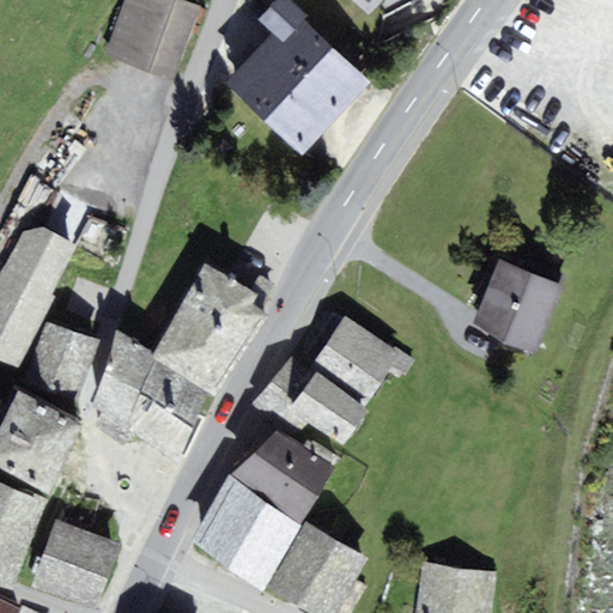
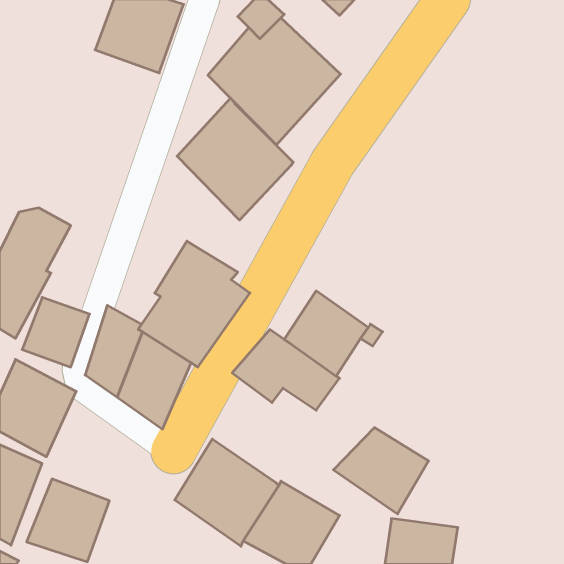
building: none -> [177,98,293,220]
building: [471,259,564,352] -> none
building: [230,430,333,523] -> [333,428,429,514]

